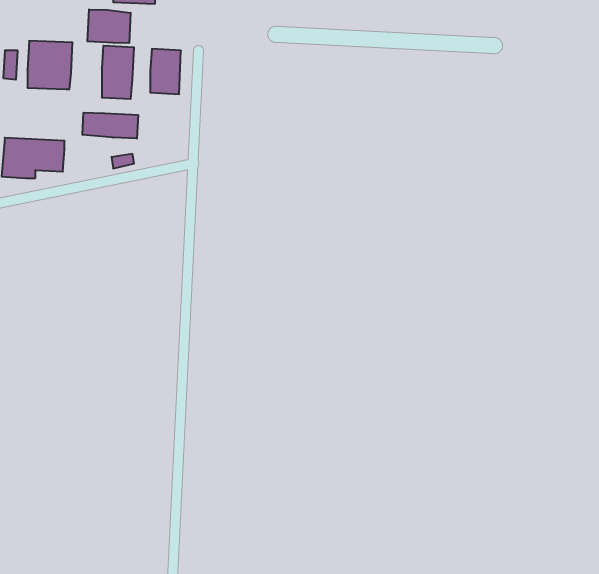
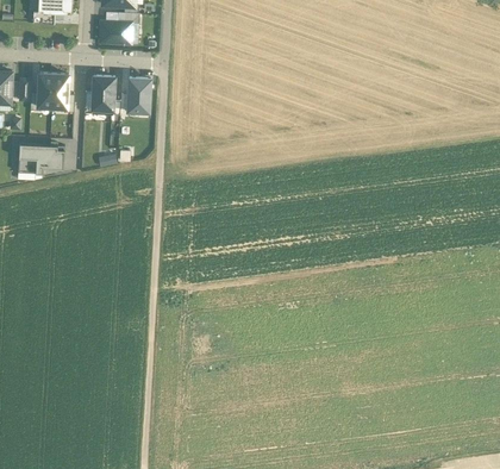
building: [87,9,131,43] -> none
building: [83,113,138,139] -> none

